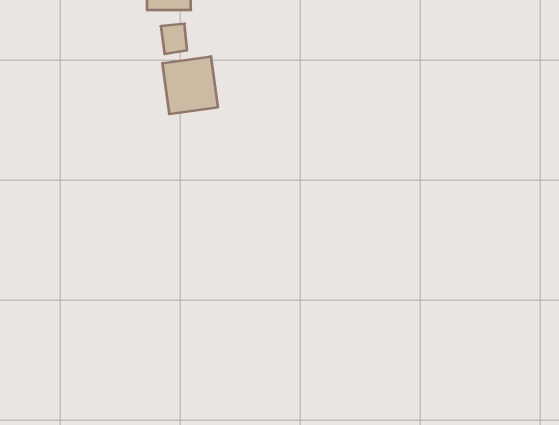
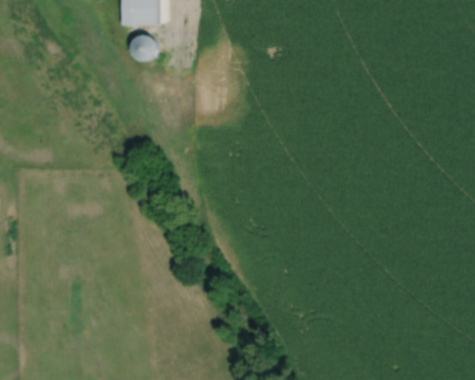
building: [163,56,218,114] -> none

